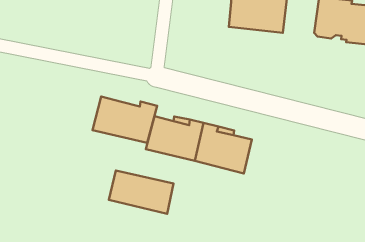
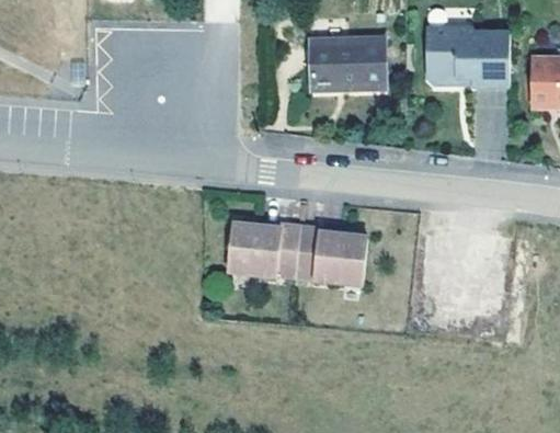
building: [93,97,157,143] -> none
building: [109,170,174,214] -> none

